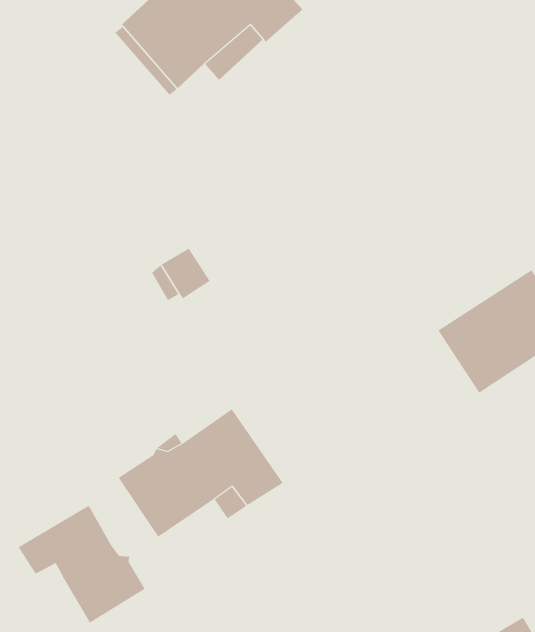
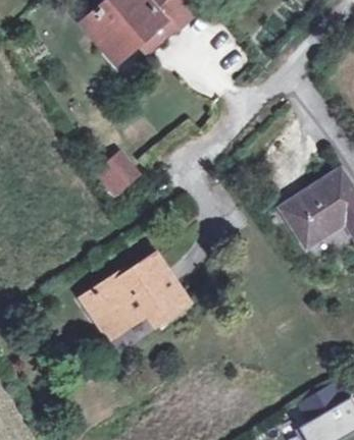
building: [18,505,146,623] -> none

